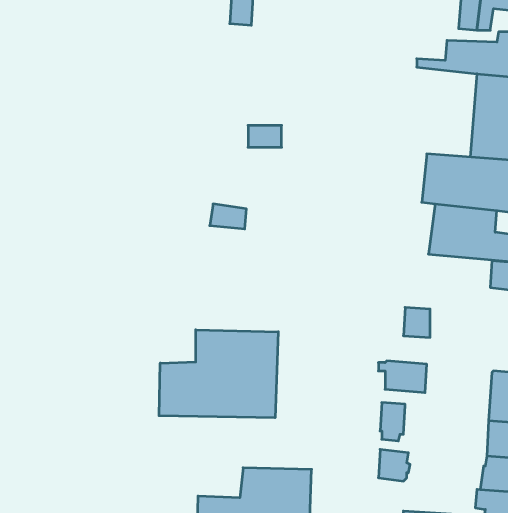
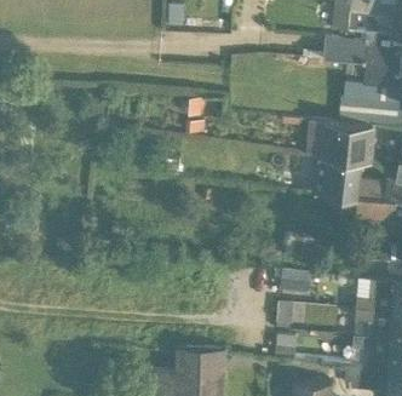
building: [159,330,278,418] -> none

